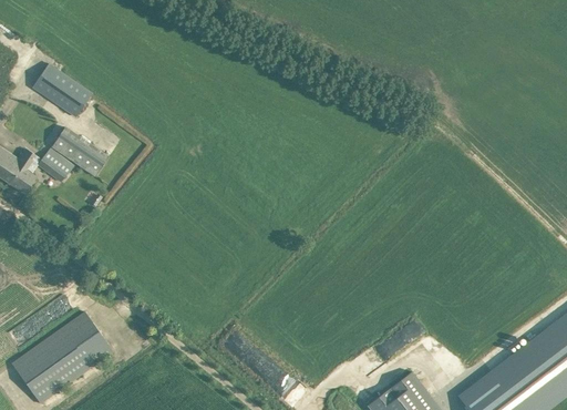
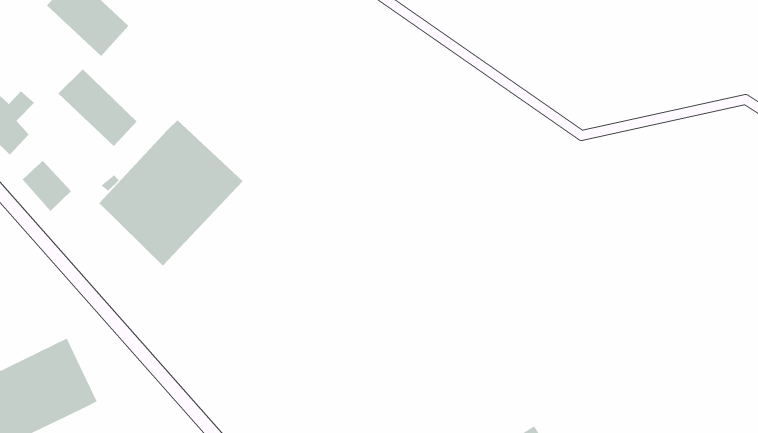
building: [37,147,72,182] -> [22,160,72,212]
building: none -> [98,119,244,266]

